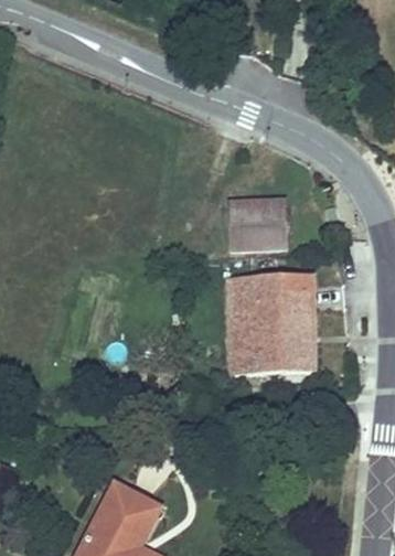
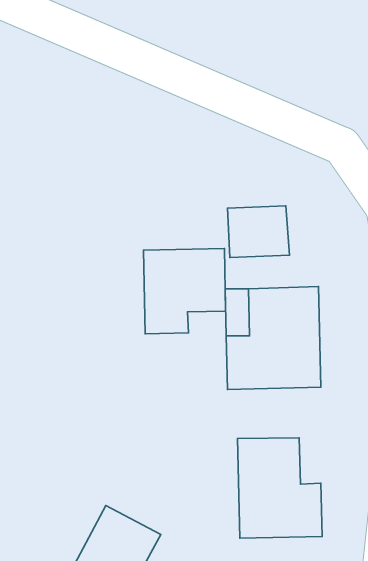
building: none -> [143,248,225,334]
building: none -> [238,438,322,538]

